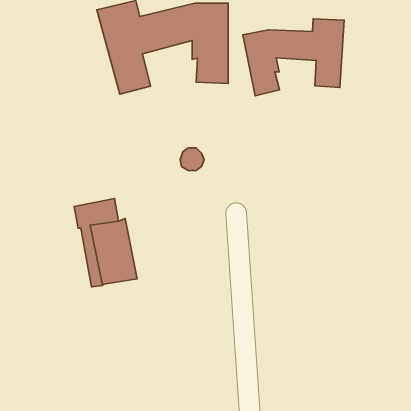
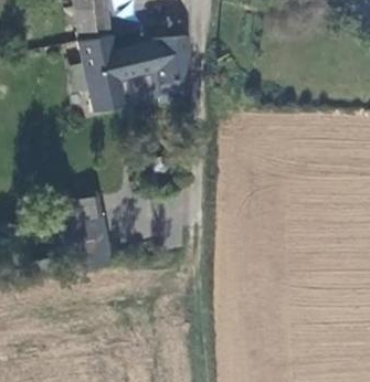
building: [243,19,344,96] -> none

